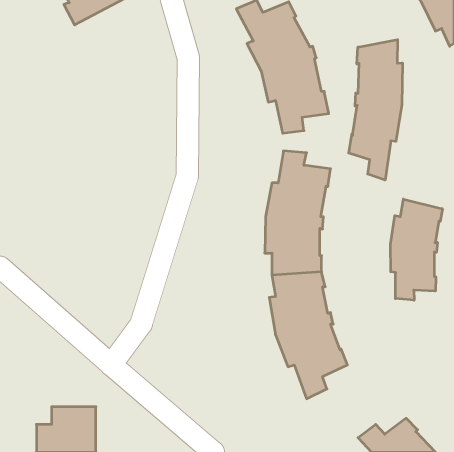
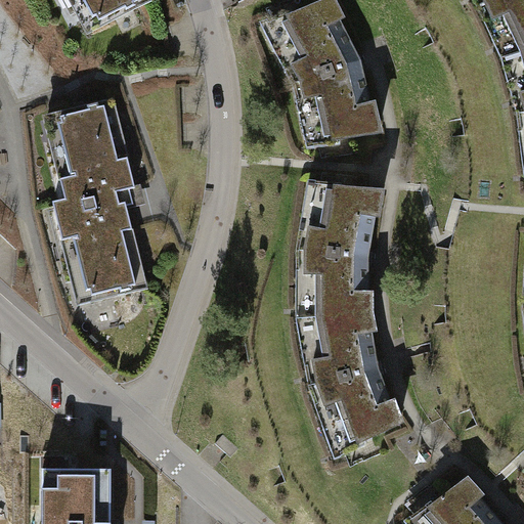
building: [349,40,402,180] -> none
building: none -> [46,104,145,299]
building: [390,199,442,300] -> none

